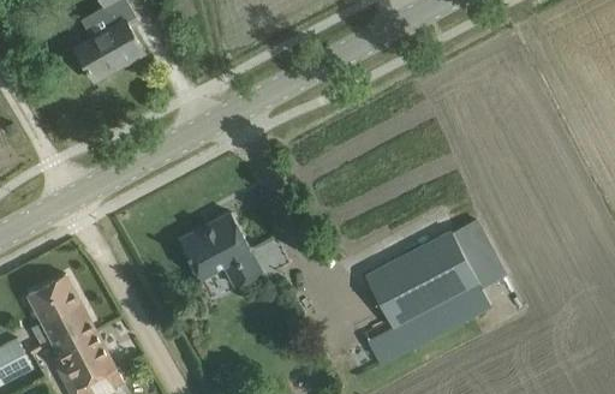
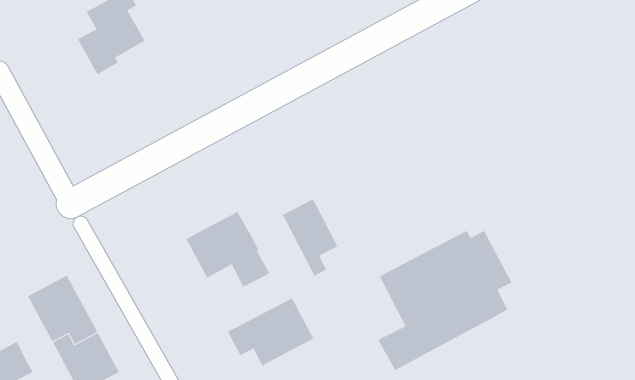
building: none -> [282,198,338,277]
building: none -> [227,298,314,366]

